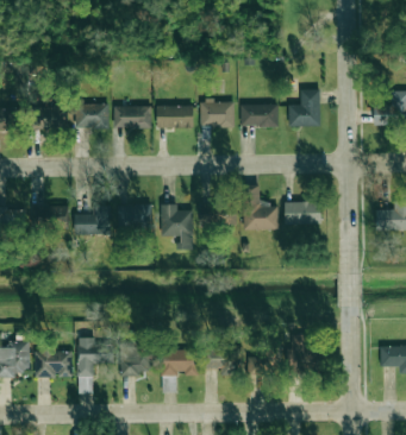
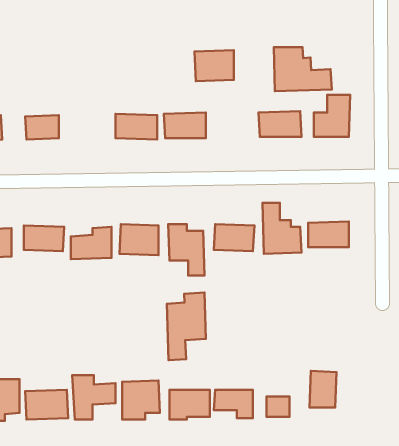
building: none -> [274,47,332,91]
building: [200,101,235,128] -> [195,50,234,81]
building: [76,105,110,130] -> none
building: none -> [167,293,206,360]

